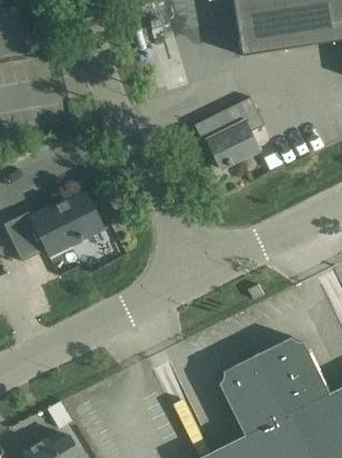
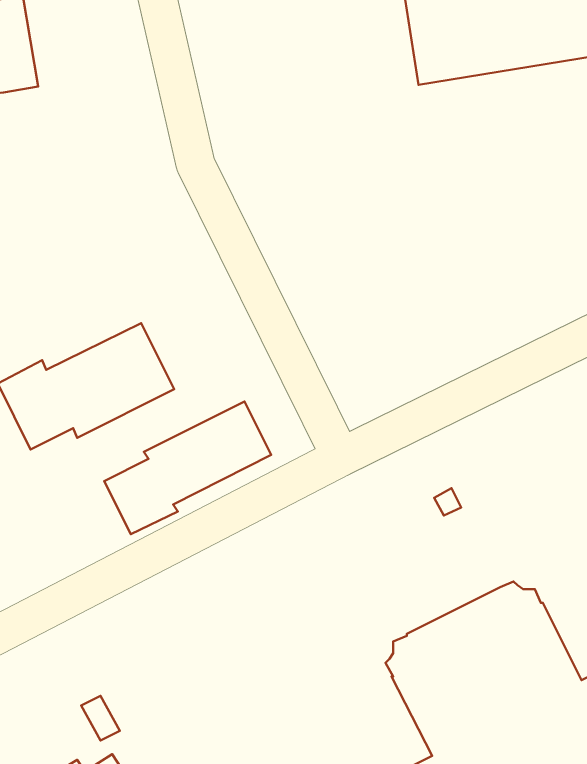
building: [193,98,263,169] -> none
building: none -> [104,402,271,534]

